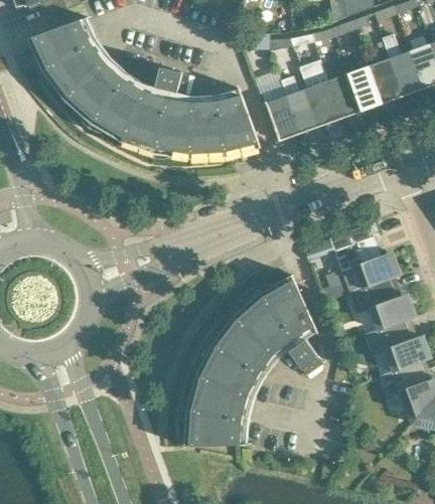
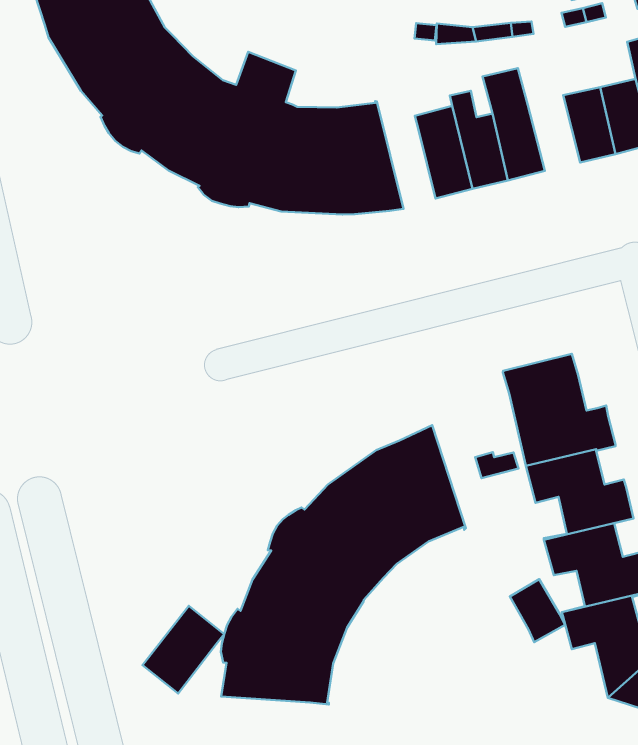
building: [328,72,362,118] -> none
building: [290,338,324,375] -> [510,579,565,642]
building: none -> [143,606,224,694]

